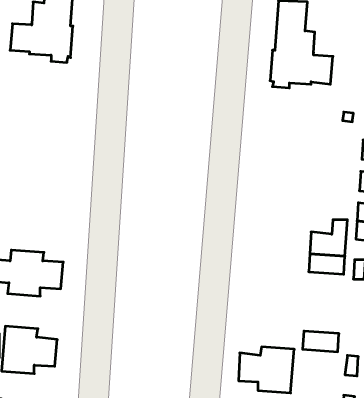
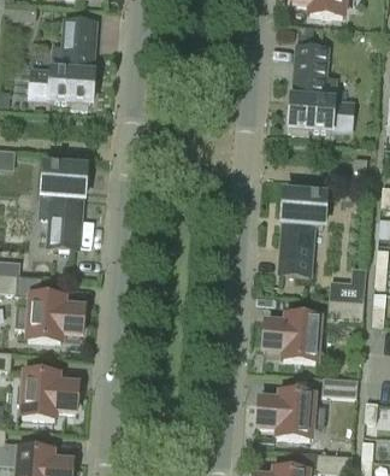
building: none -> [41,159,87,246]
building: none -> [280,184,326,272]
building: none -> [265,313,320,360]

